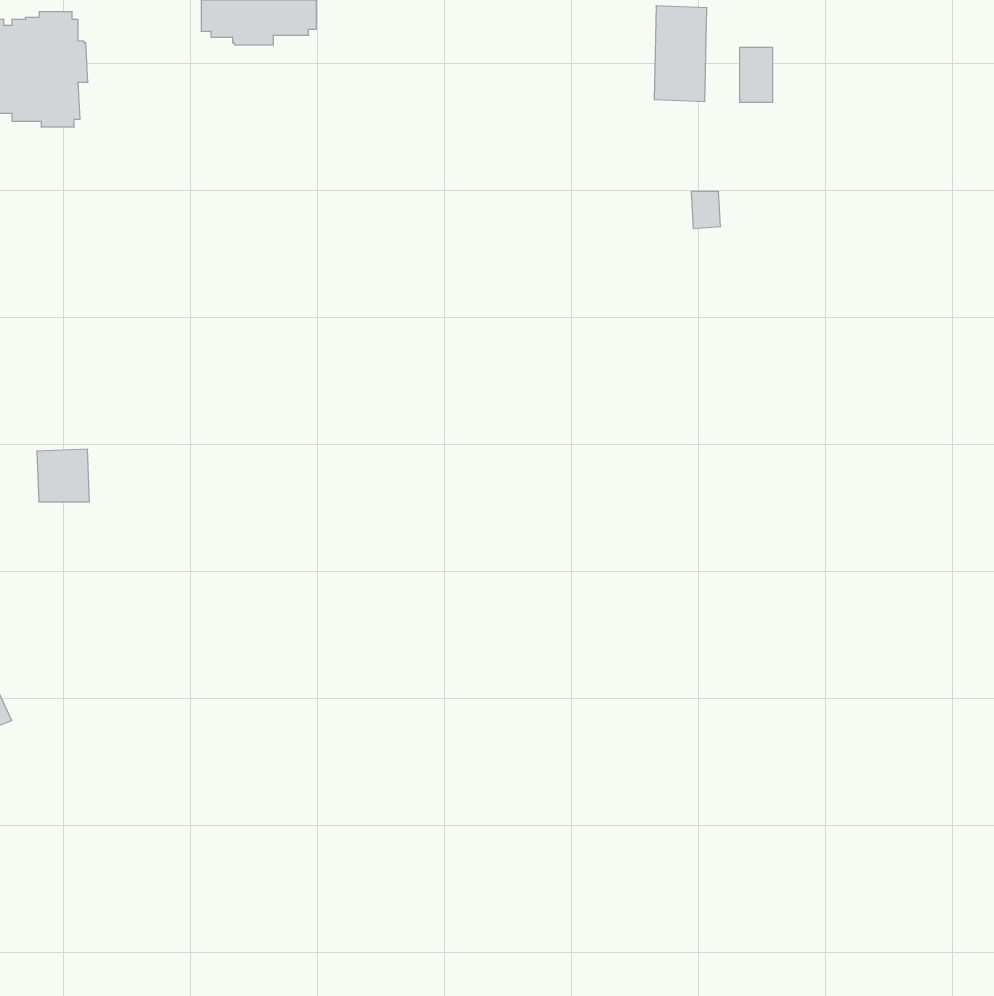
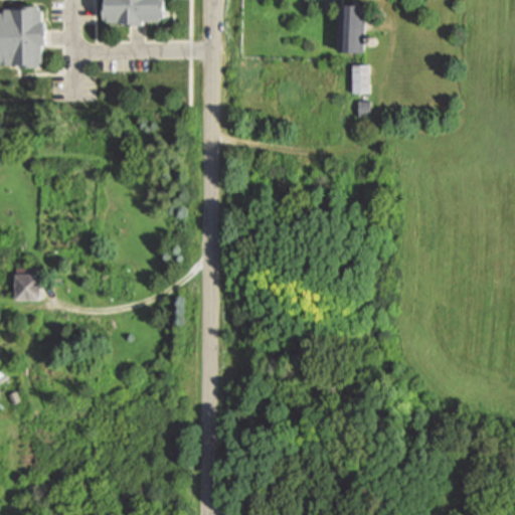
building: [740,48,773,102] -> [351,65,368,94]
building: [37,449,89,502] -> [13,273,40,300]

